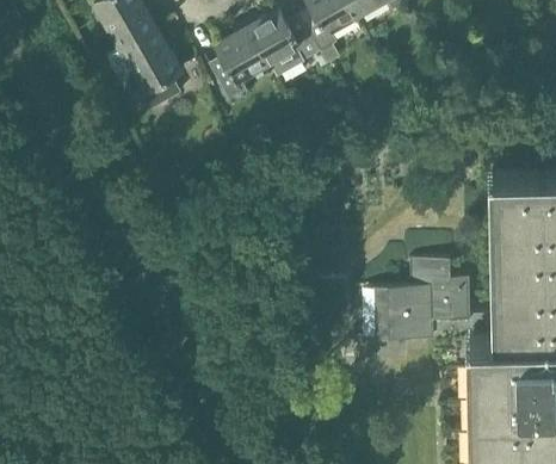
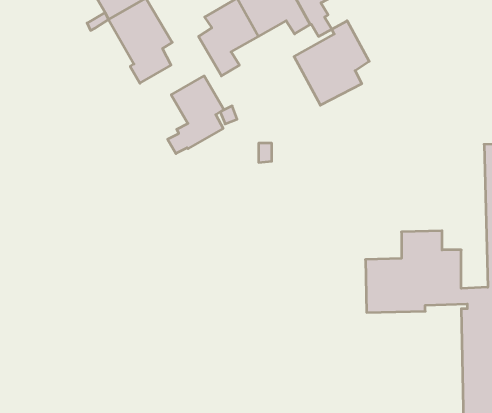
building: none -> [294,21,369,105]
building: none -> [168,76,224,154]

